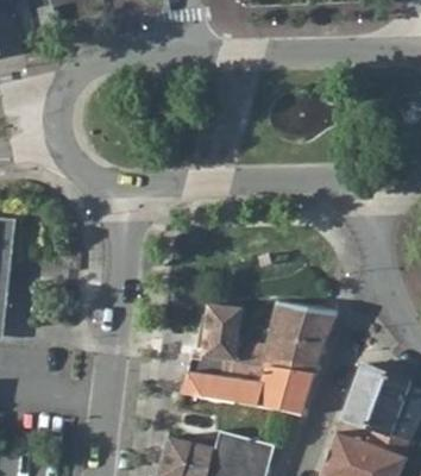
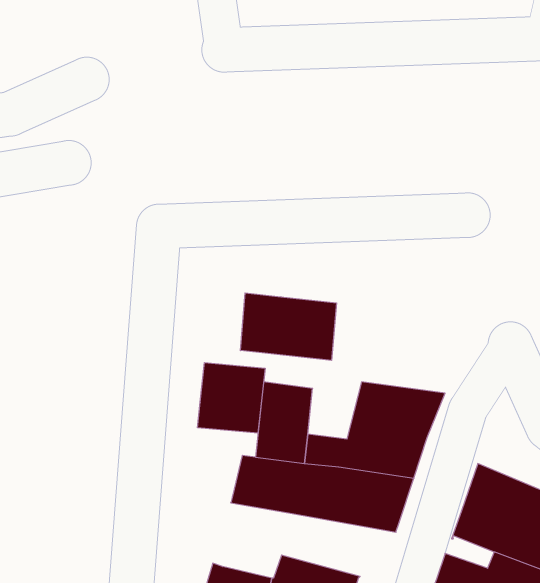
building: none -> [240,293,336,360]
building: none -> [198,363,265,433]

